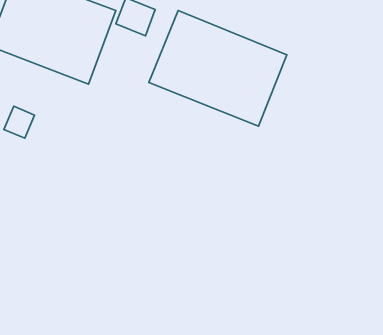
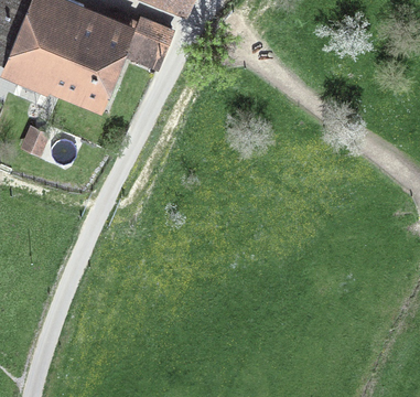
building: [149,10,287,126] -> none

